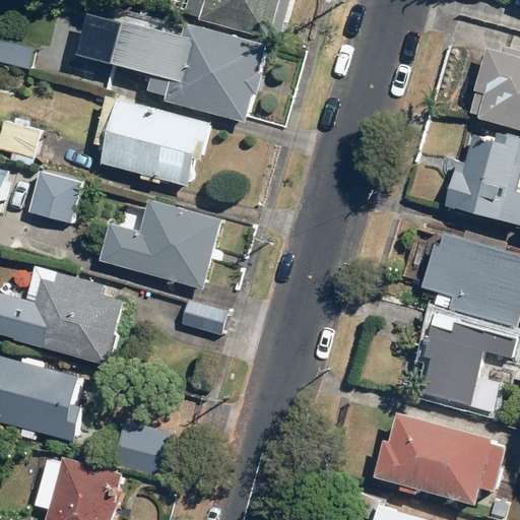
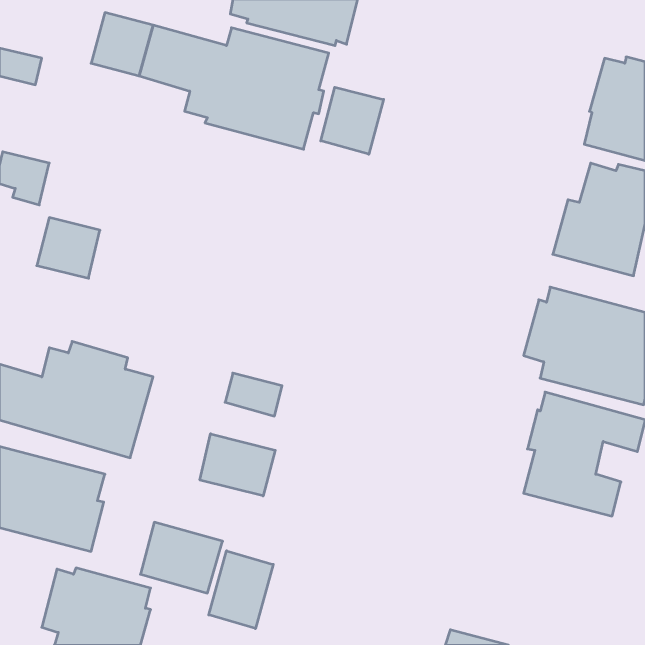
building: none -> [321,87,384,154]
building: [93,96,212,185] -> none
building: [100,200,220,286] -> none
building: none -> [200,434,275,496]
building: [373,416,507,510] -> none
building: none -> [209,551,273,629]

